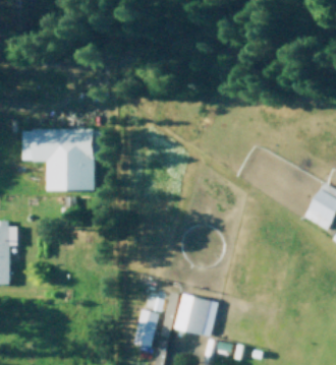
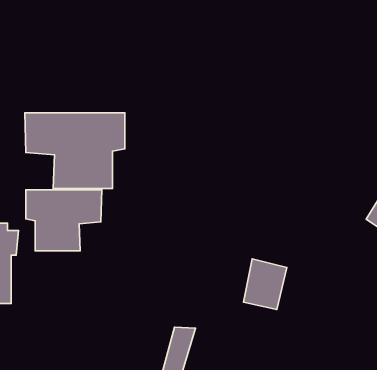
building: none -> [26,190,102,251]
building: [175,293,211,334] -> [243,259,287,310]

